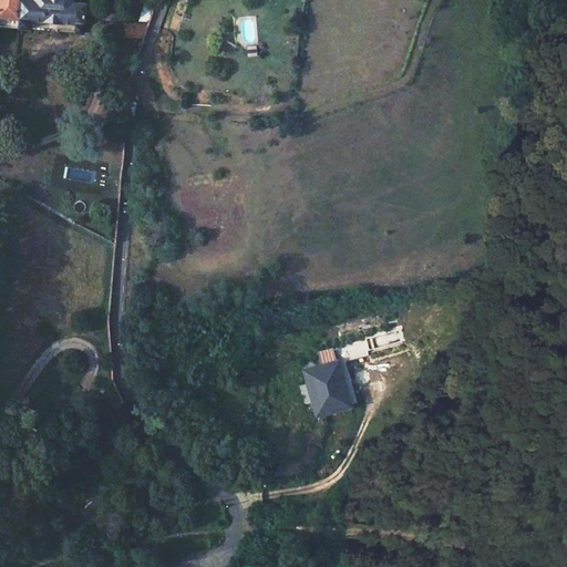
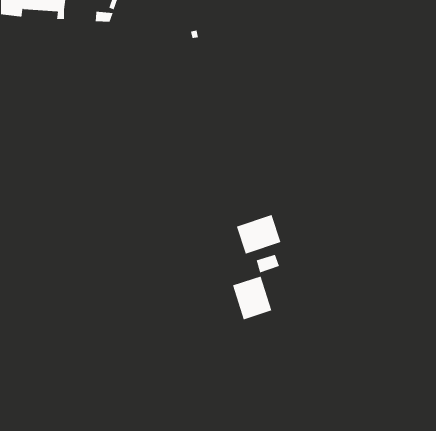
building: none -> [236,214,281,255]

